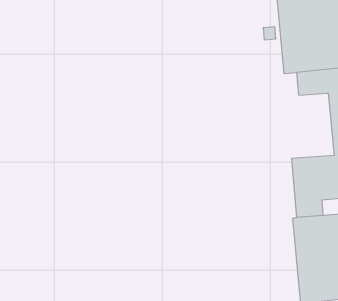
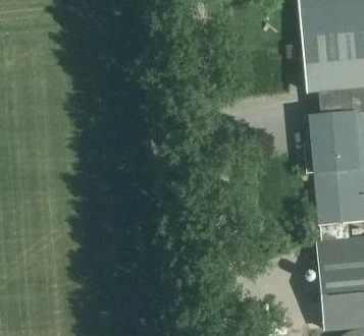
building: none -> [305,111,359,178]

